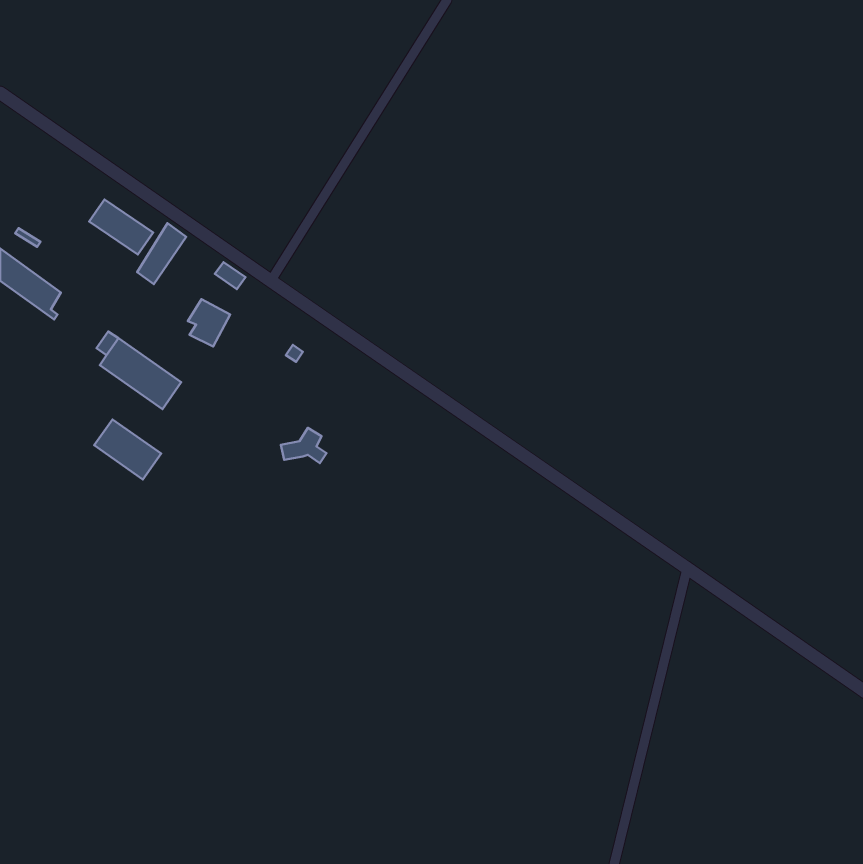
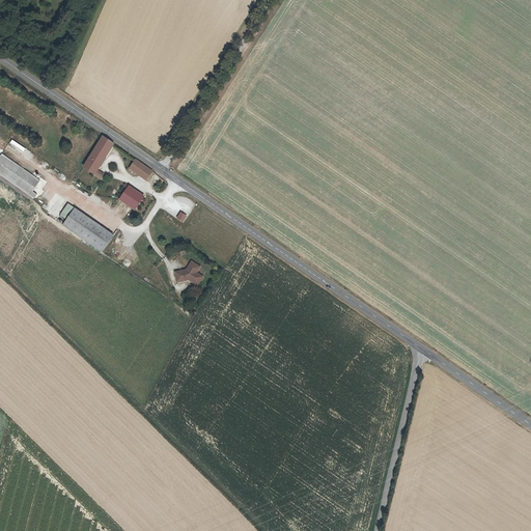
building: [89,200,153,255] -> none
building: [94,419,161,479] -> none

